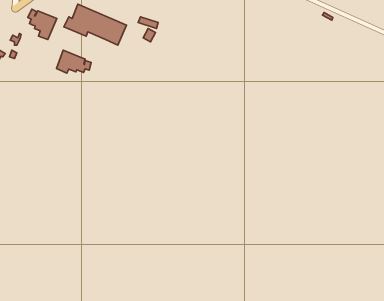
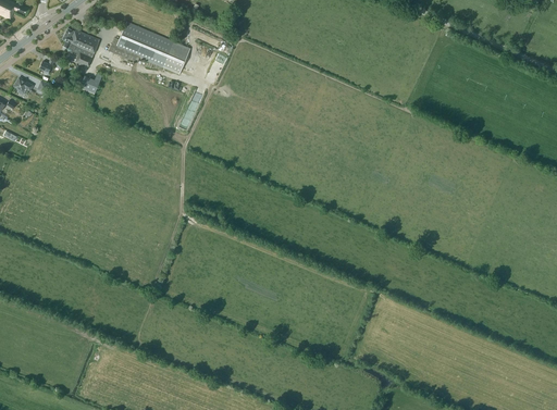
building: [57,50,91,73] -> none

